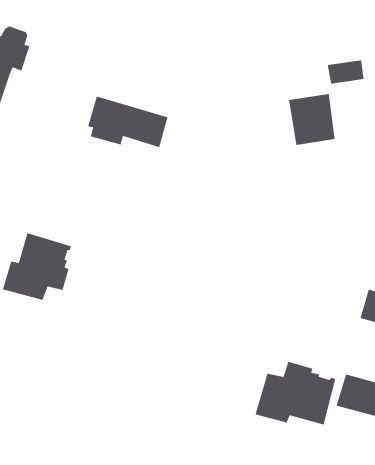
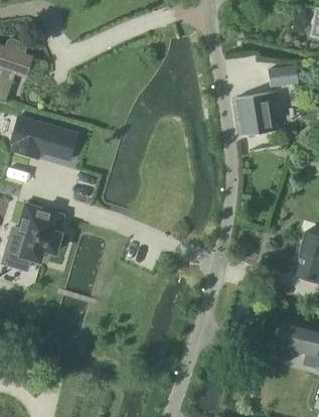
building: [87,95,169,148] -> [10,118,75,160]
building: [254,361,336,425] -> none

